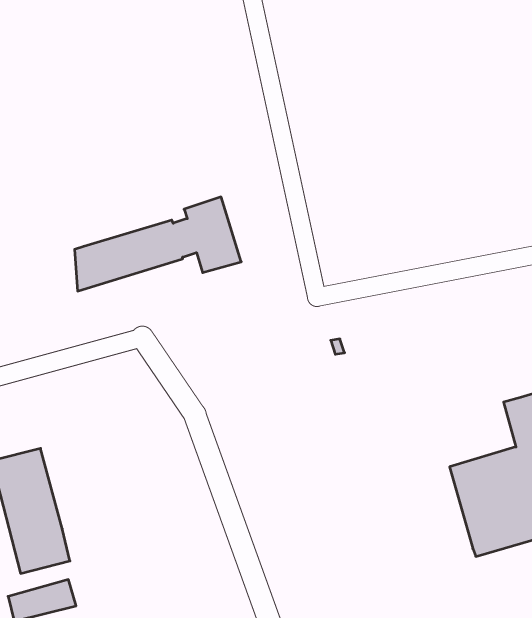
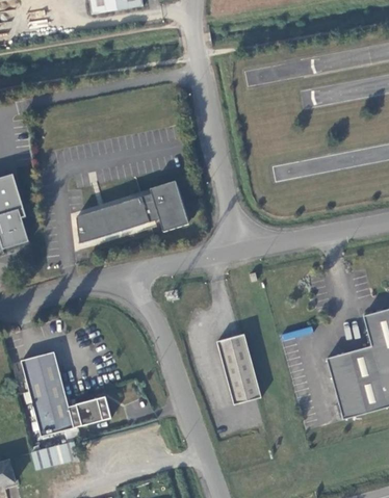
building: none -> [214,334,259,404]
building: none -> [69,392,111,424]

